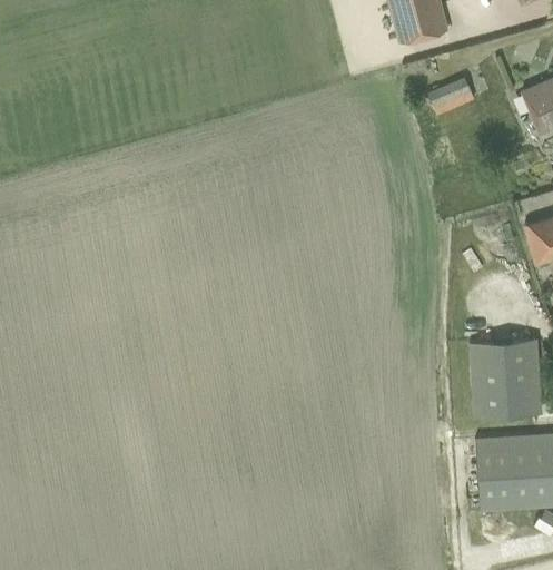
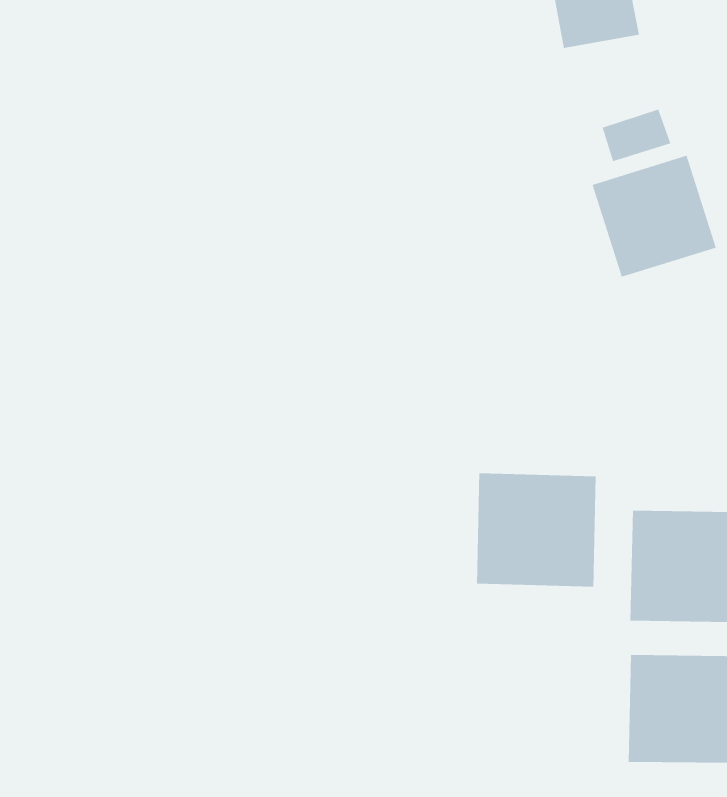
building: none -> [592,155,716,278]
building: none -> [476,473,596,588]

